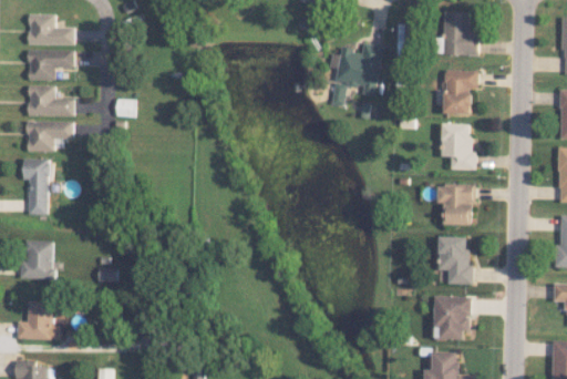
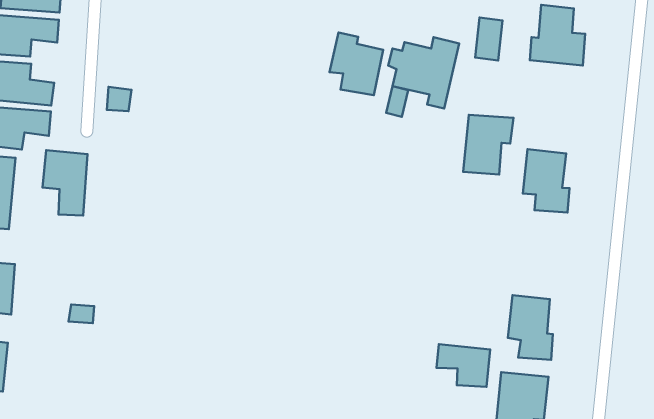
building: none -> [329,32,383,95]
building: [443,70,478,114] -> [463,115,513,175]
building: none -> [42,150,88,215]
building: [436,184,474,225] -> none
building: none -> [436,344,490,387]

